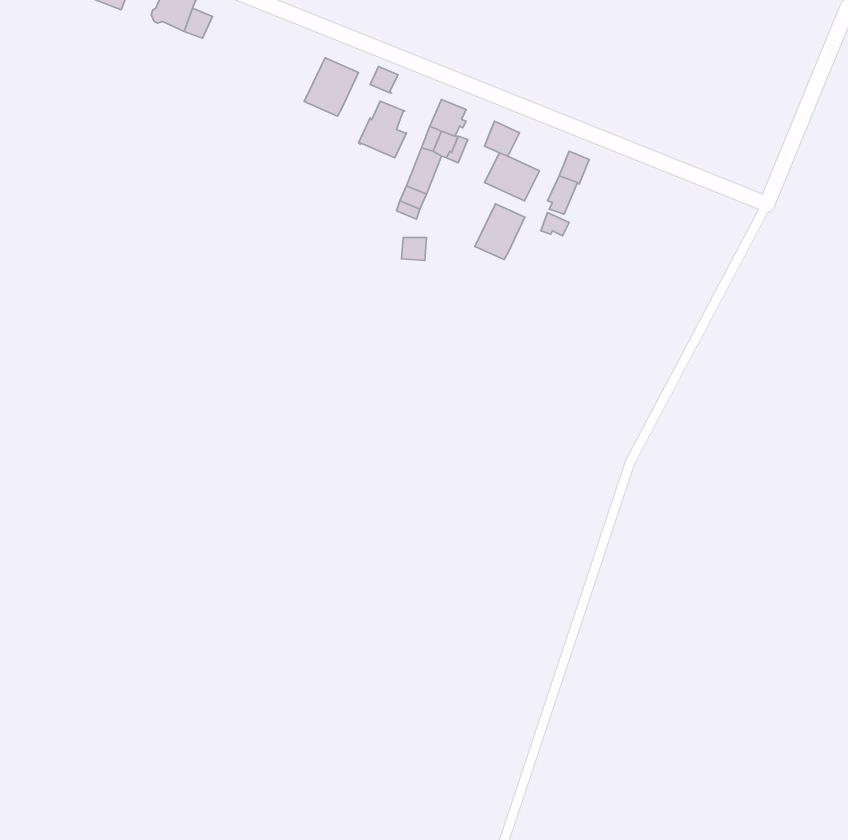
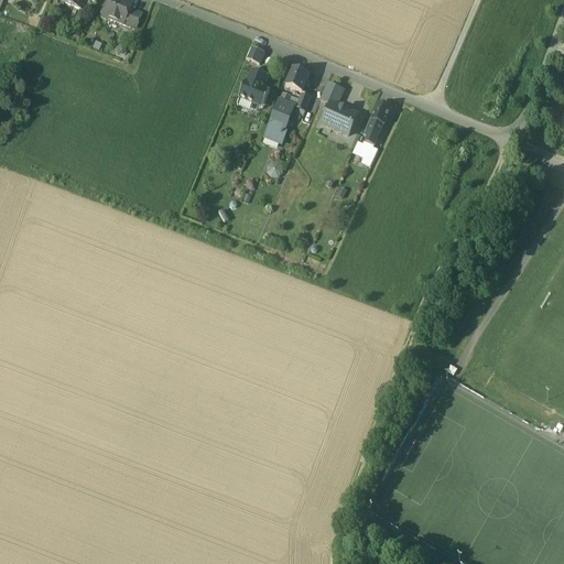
building: [304,58,359,116] -> none
building: [475,204,525,260] -> none

